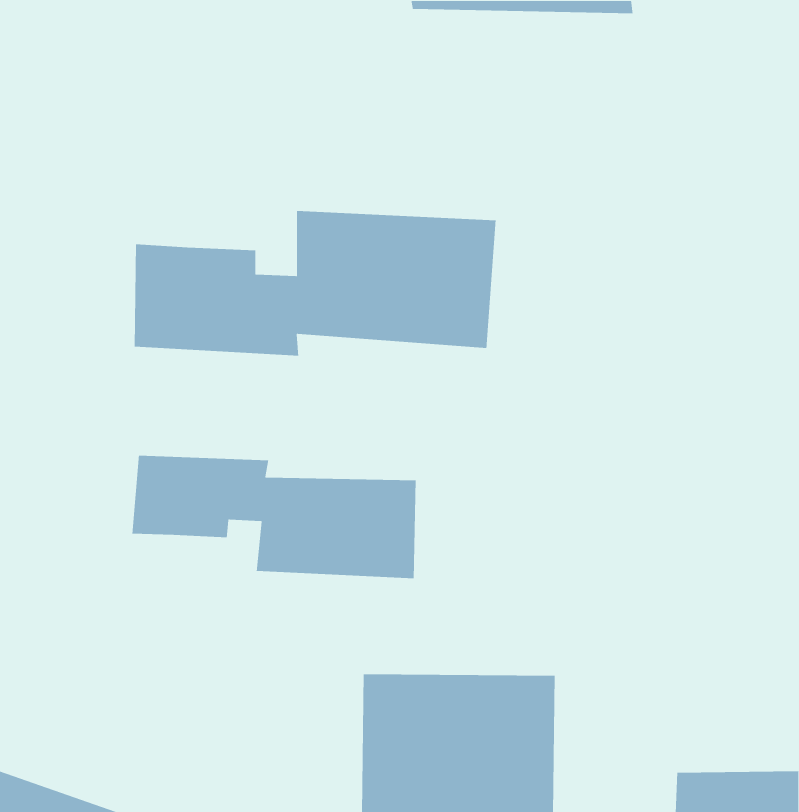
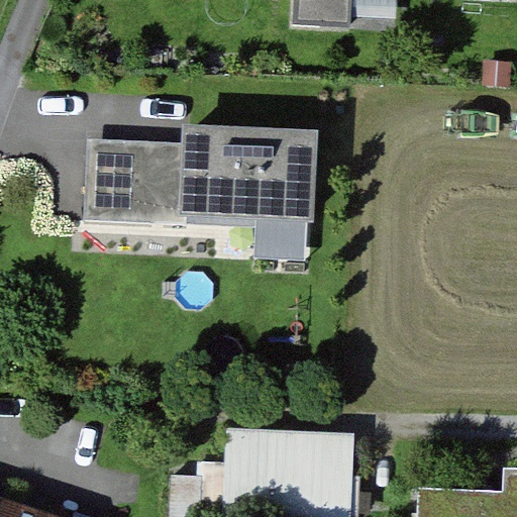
building: [132,455,417,579] -> none

